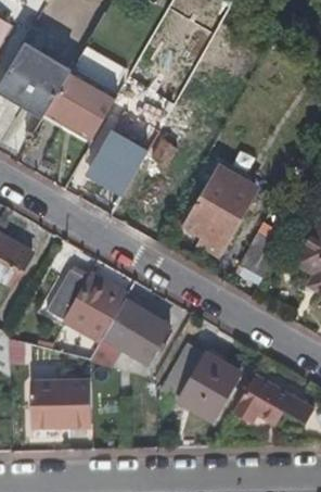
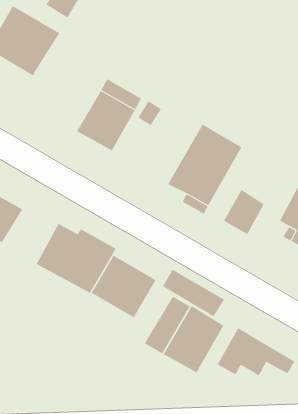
building: [46,68,118,139] -> none
building: none -> [162,269,225,317]
building: [30,379,91,426] -> none

